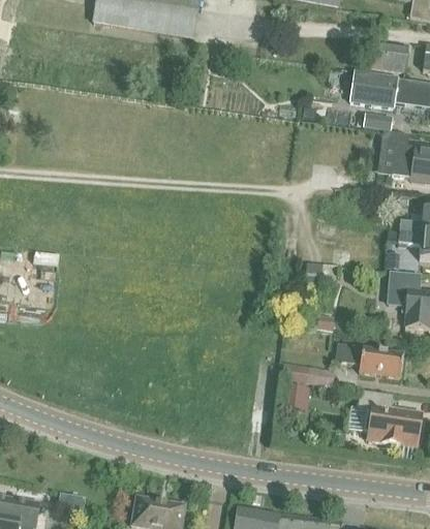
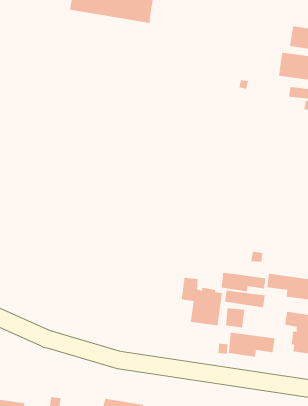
building: none -> [221,272,266,292]
building: none -> [181,277,223,326]
building: none -> [228,332,275,358]

